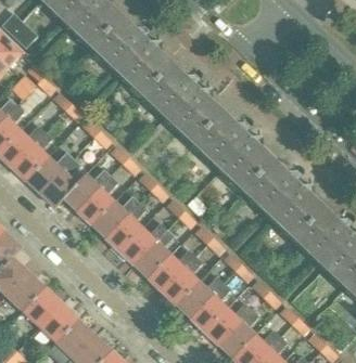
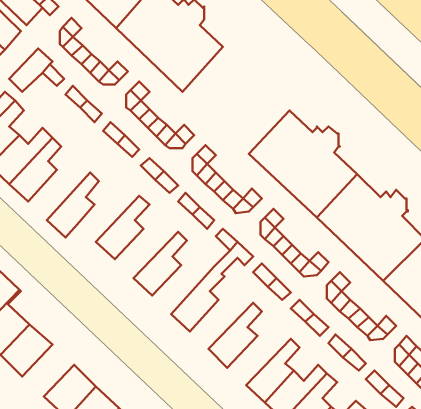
building: [143,64,224,144] -> none
building: [27,152,74,194] -> none
building: [64,169,111,210] -> none
building: [92,196,140,237] -> none
building: [120,222,167,264] -> none
building: [149,249,196,290] -> none
building: [177,275,225,317] -> none
building: [23,287,62,326] -> none

